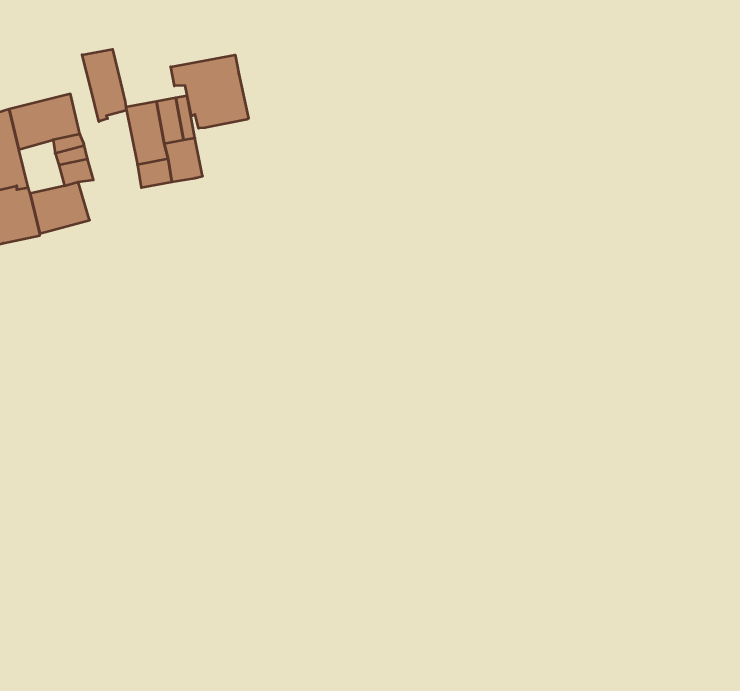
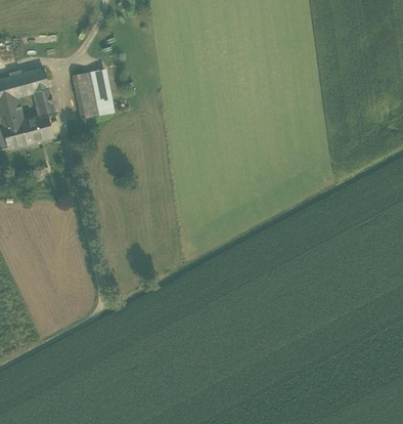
building: [82,49,126,122] -> none
building: [171,55,249,128] -> none

